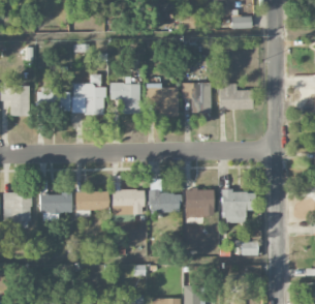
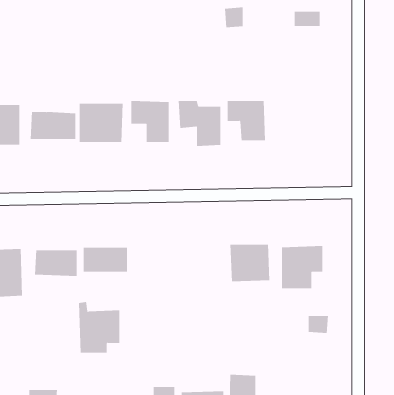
building: [219,84,252,110] -> none
building: [113,183,144,221] -> [78,301,120,353]
building: [149,192,181,212] -> none

